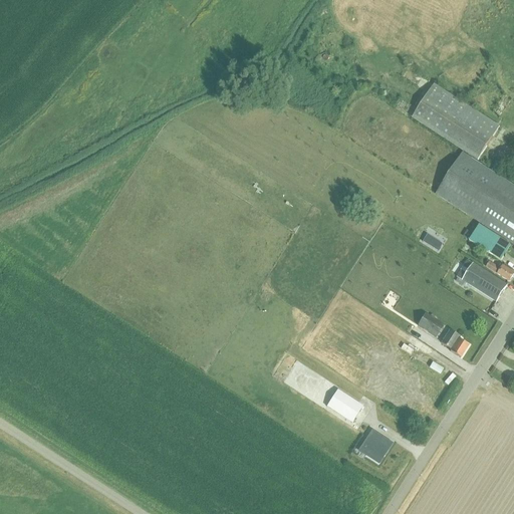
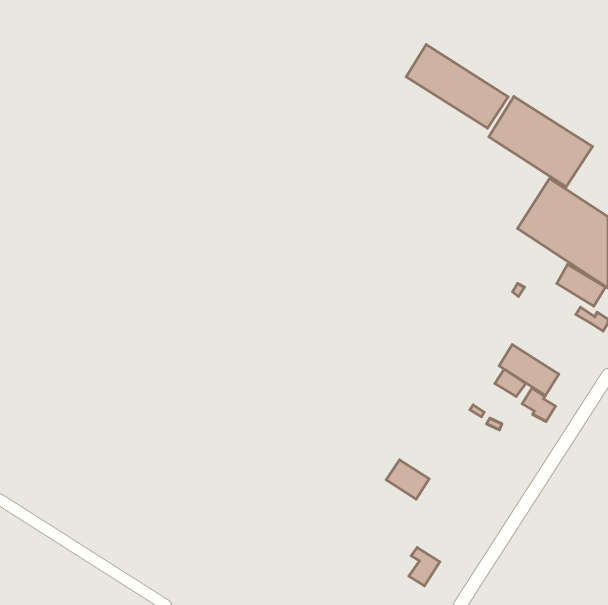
building: none -> [406,45,508,128]
building: [456,257,506,300] -> [499,344,559,396]
building: [364,429,391,461] -> [409,548,440,586]

